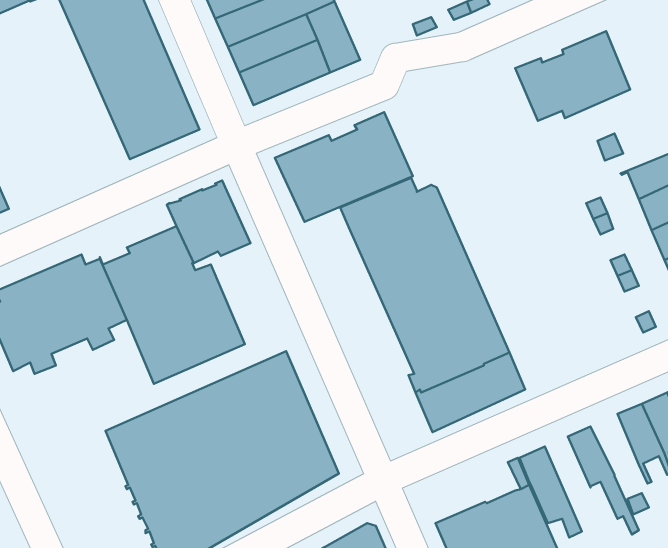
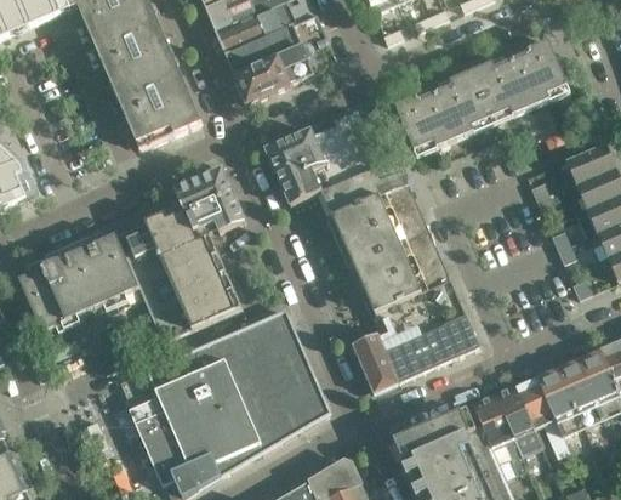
building: none -> [394,72,489,155]
building: none -> [352,334,399,392]
building: none -> [534,367,582,436]
building: none -> [495,386,541,471]
building: none -> [392,410,469,460]

